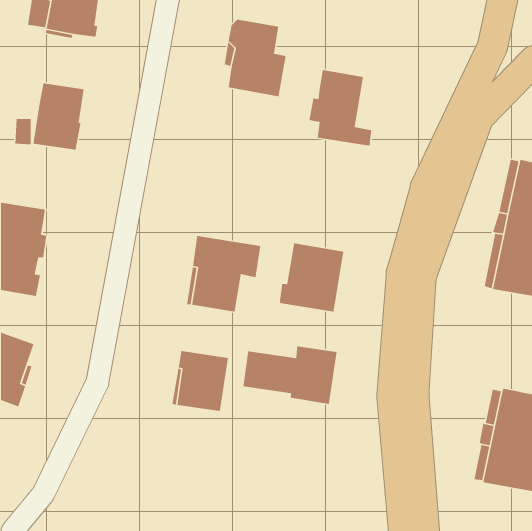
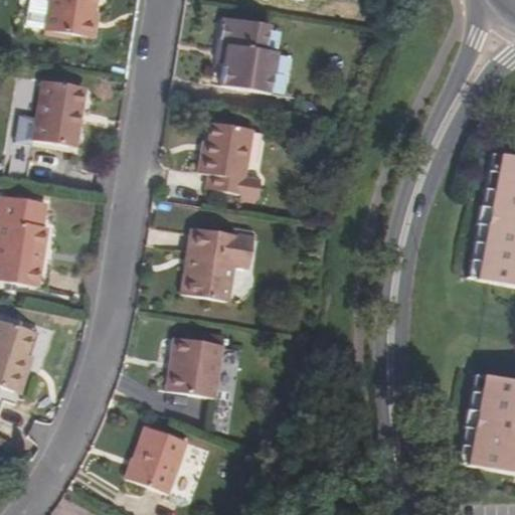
building: [309,69,372,147] -> [199,122,261,196]
building: [279,242,344,312] -> none
building: [242,345,337,405] -> none
building: none -> [126,425,186,492]

